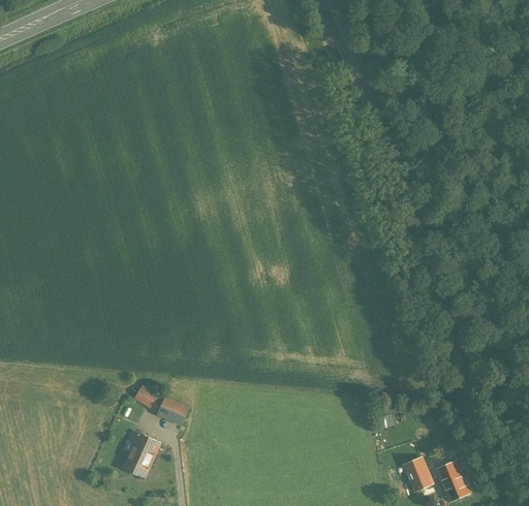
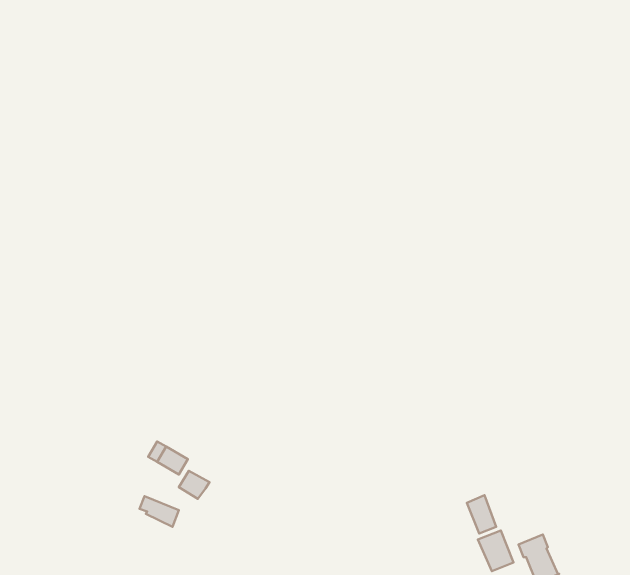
building: none -> [467,495,496,533]
building: [123,444,155,477] -> none

